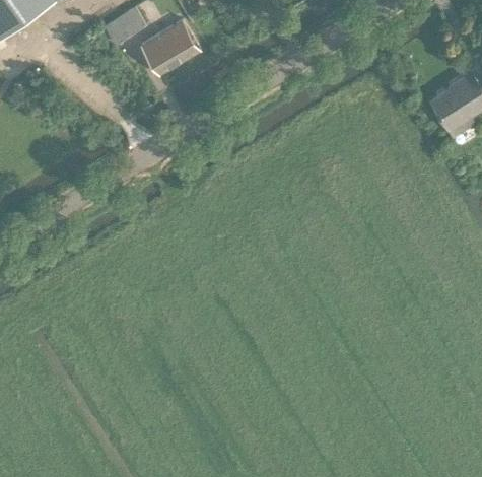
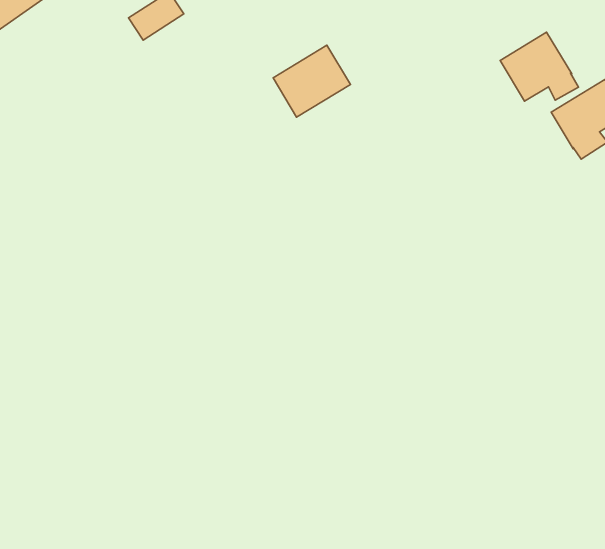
building: [140,19,200,75] -> [273,45,350,117]
building: none -> [500,32,579,101]

